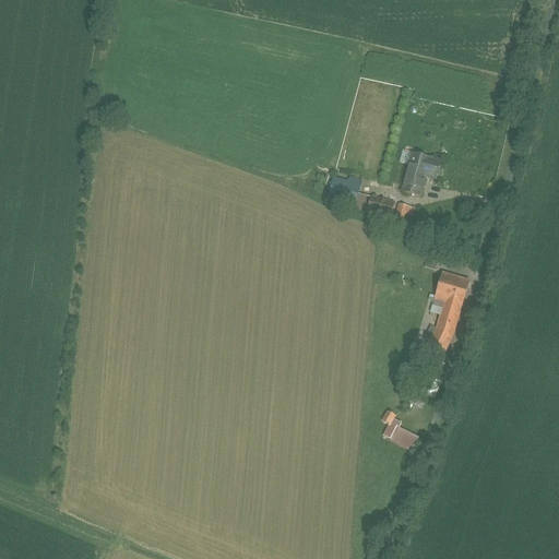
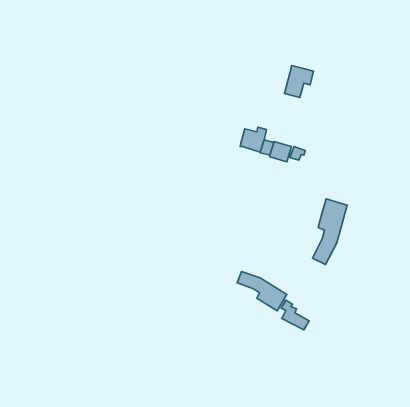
building: [401,148,440,192] -> [284,65,313,98]
building: none -> [237,271,287,311]

